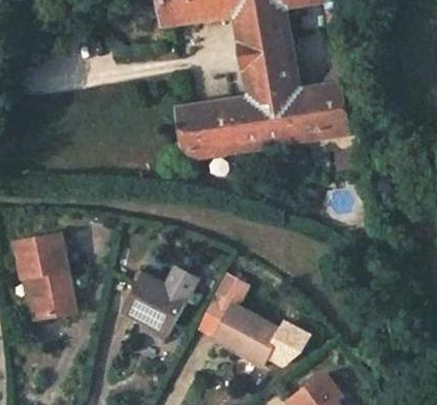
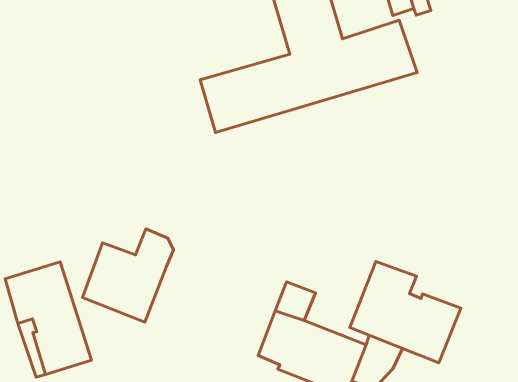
building: [121,266,194,336] -> [83,229,173,322]
building: none -> [350,261,461,363]

